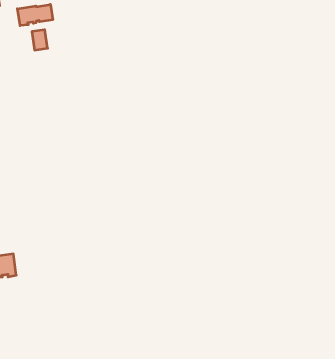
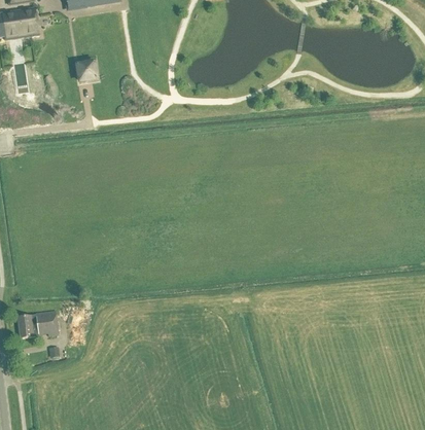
building: [17,4,53,26] -> none

